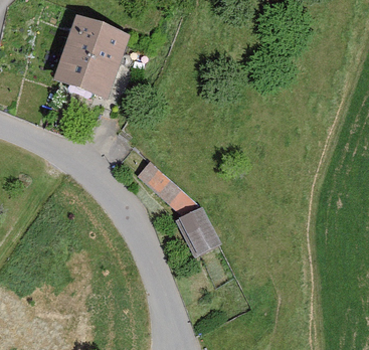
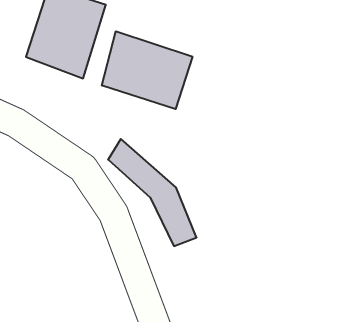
building: none -> [102,31,192,109]

